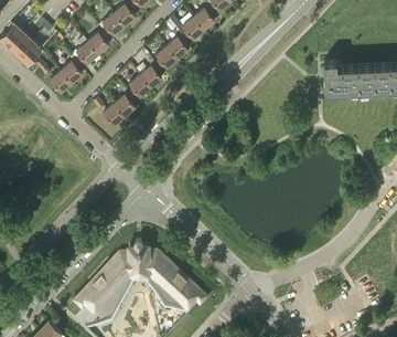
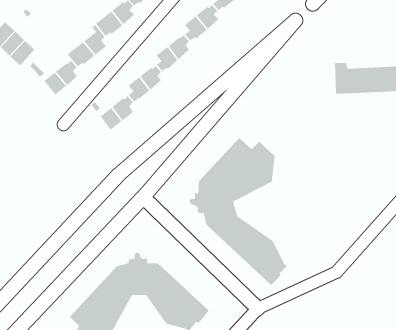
building: none -> [189,137,288,286]

